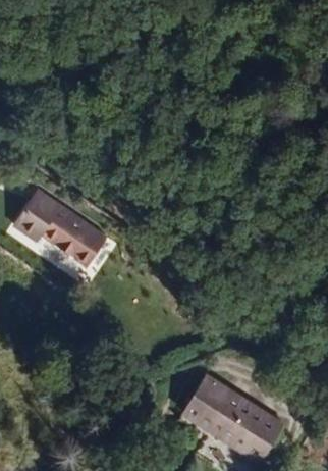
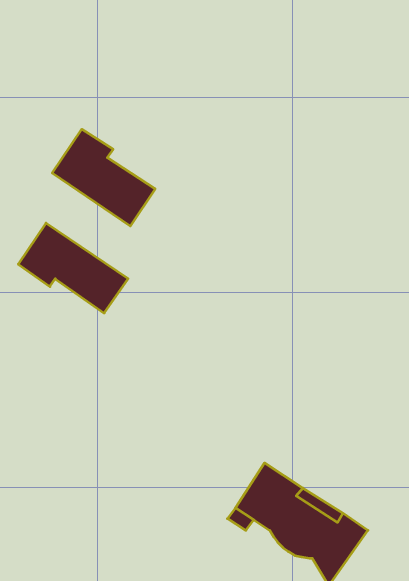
building: none -> [52,129,155,226]

